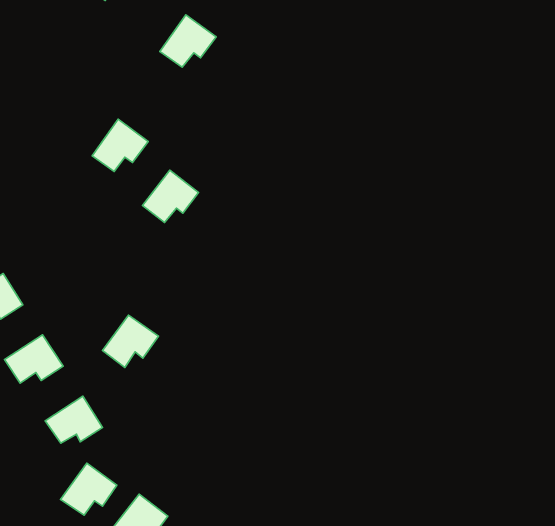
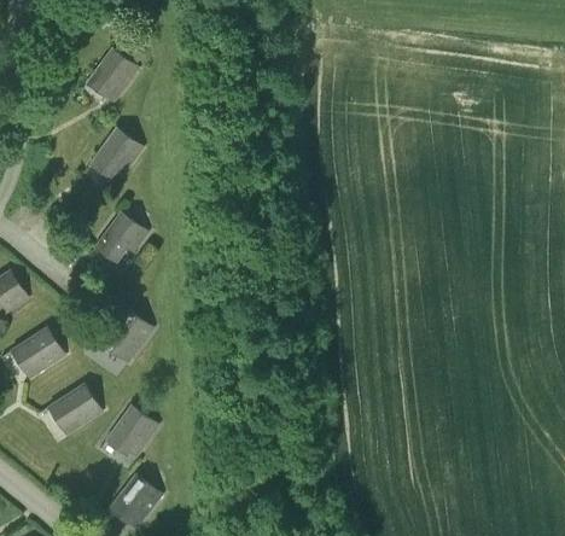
building: [160,15,216,67] -> [87,48,139,97]
building: [142,170,199,222] -> [95,212,147,261]
building: [61,463,117,515] -> [106,406,158,454]

